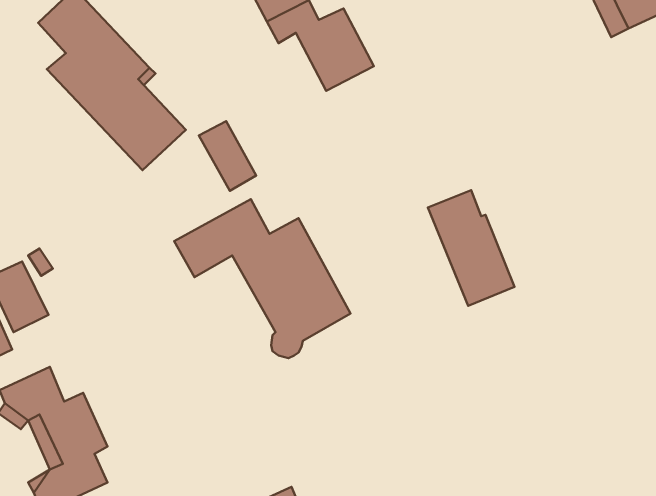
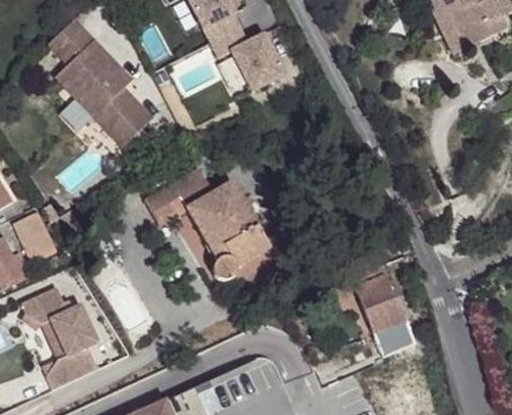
building: [199,121,256,191] -> none
building: [428,190,515,306] -> [354,275,415,357]

